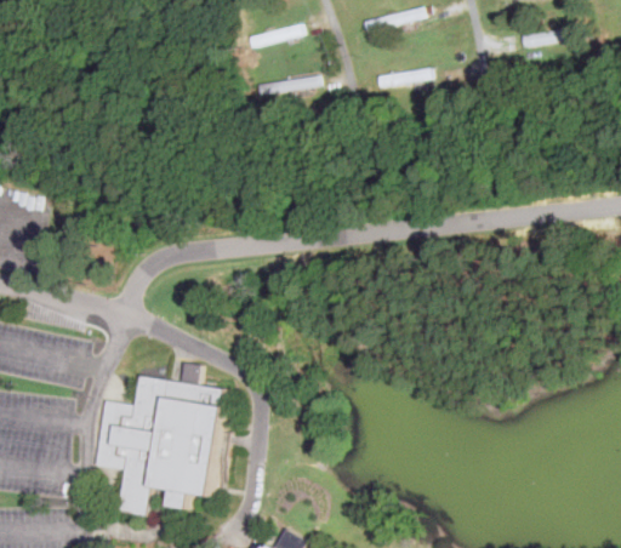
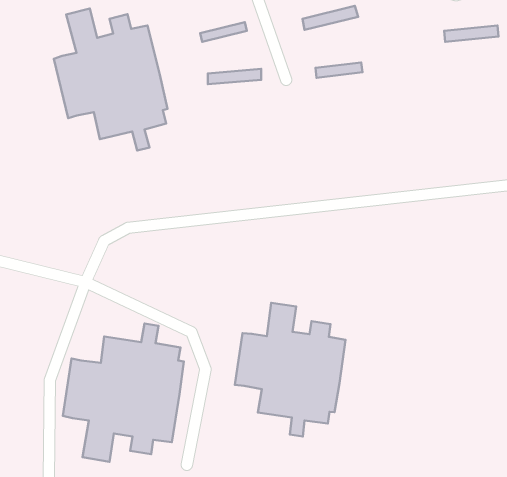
building: none -> [54,9,167,151]
building: none -> [235,303,346,436]

